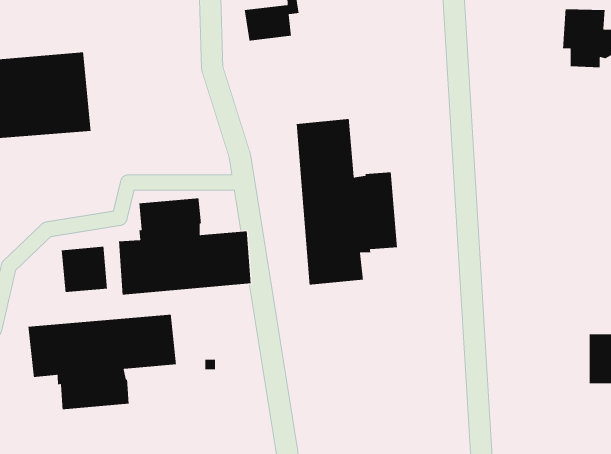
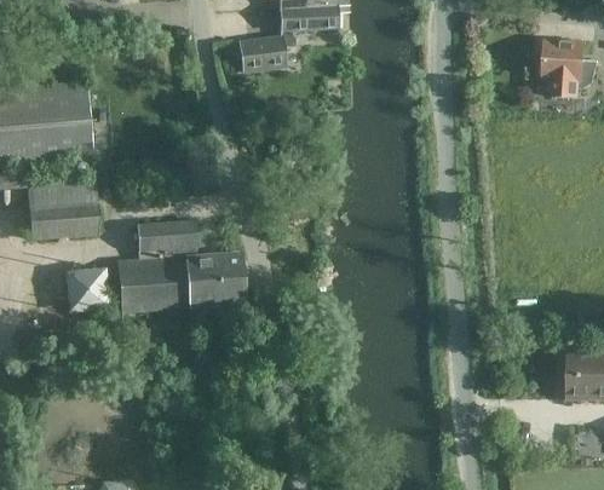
building: [296,118,398,286] -> none
building: none -> [27,174,100,240]
building: [28,314,177,410] -> none

